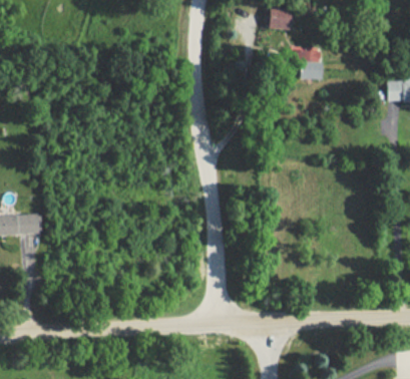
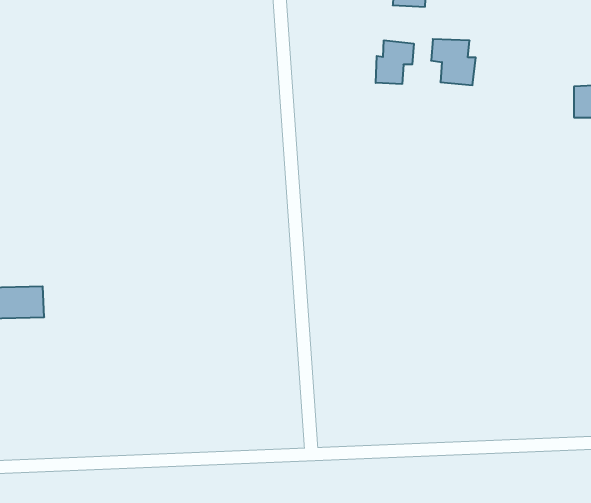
building: none -> [376,40,414,84]

